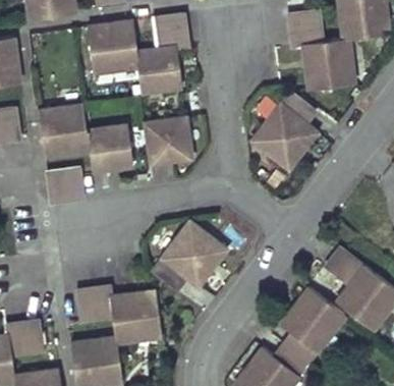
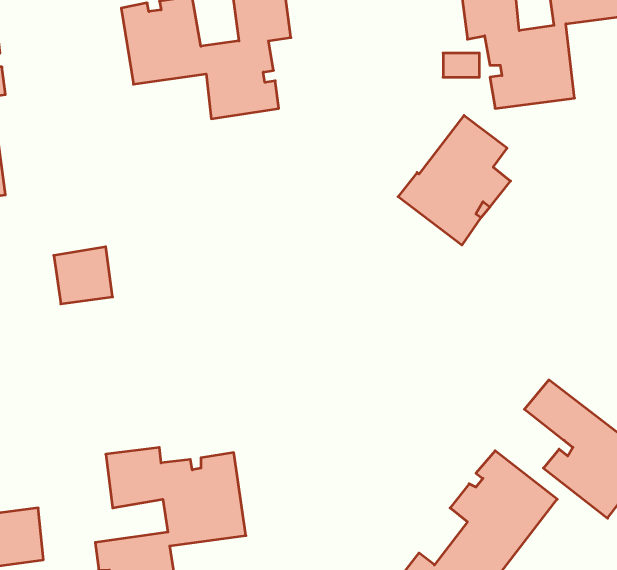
building: [40,105,132,171] -> none
building: [147,116,192,160] -> none
building: [154,220,228,288] -> none

